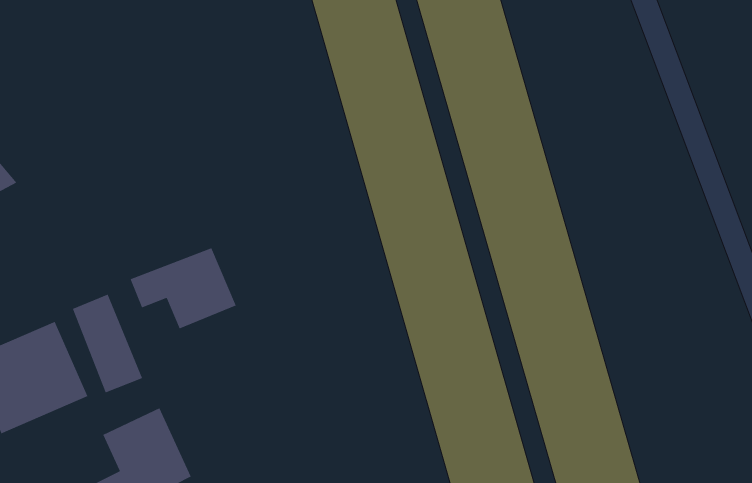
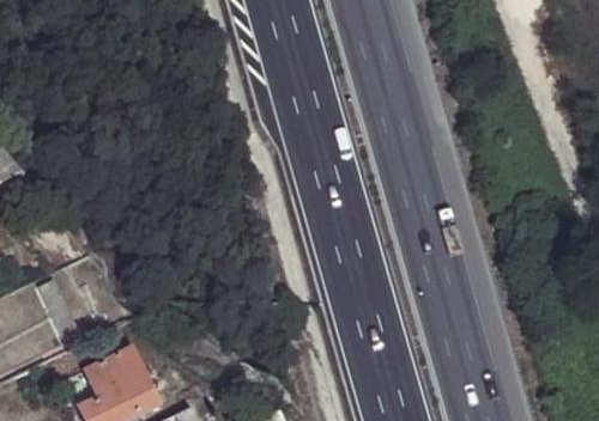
building: [129,247,237,330] -> none

